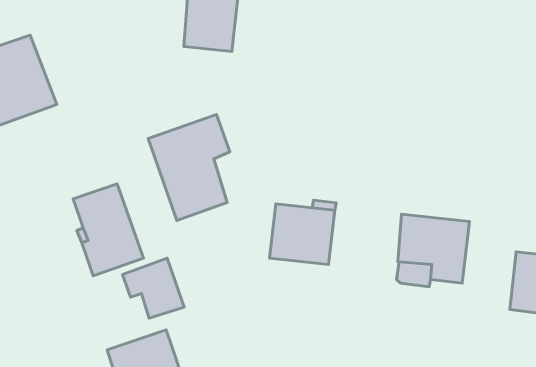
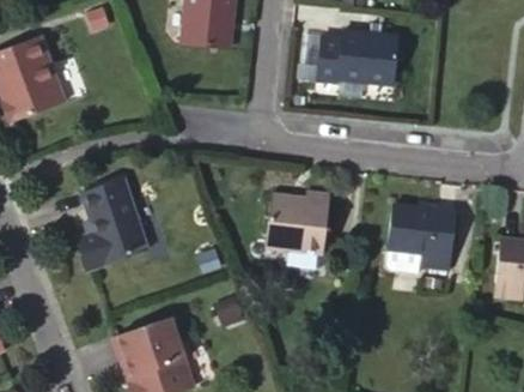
building: none -> [316,36,402,88]
building: [148,115,230,221] -> none
building: [122,258,184,318] -> none

